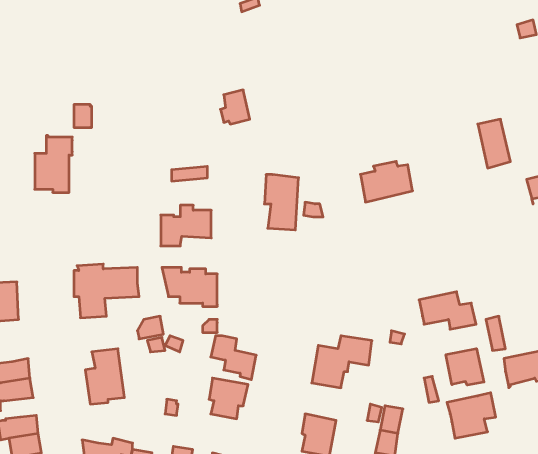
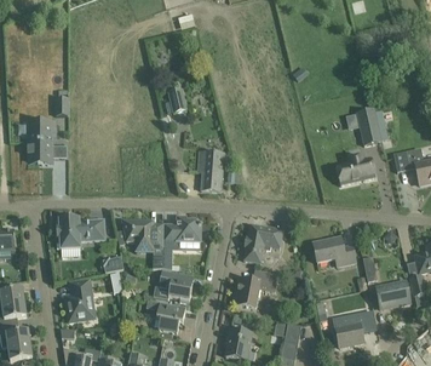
building: [360,161,413,202] -> [335,154,374,184]
building: [161,205,211,246] -> [162,216,200,246]
building: none -> [243,223,282,262]
building: [446,349,484,385] -> none

